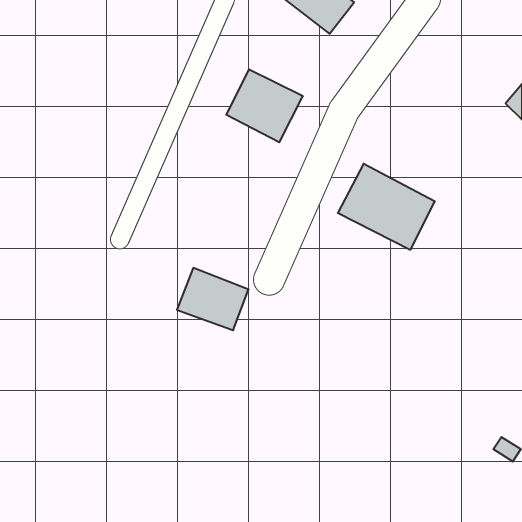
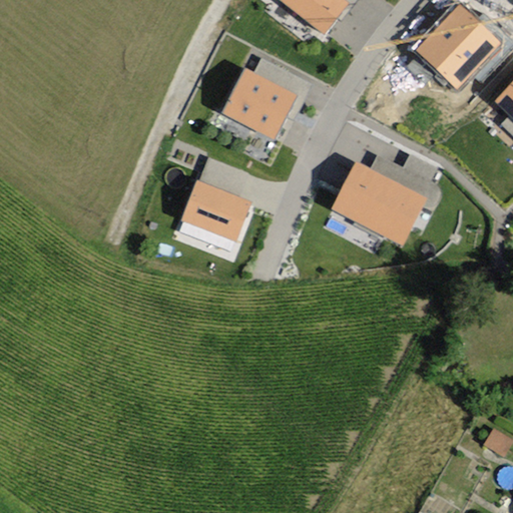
building: none -> [419,7,496,84]
building: [177,268,249,330] -> [180,180,250,241]

